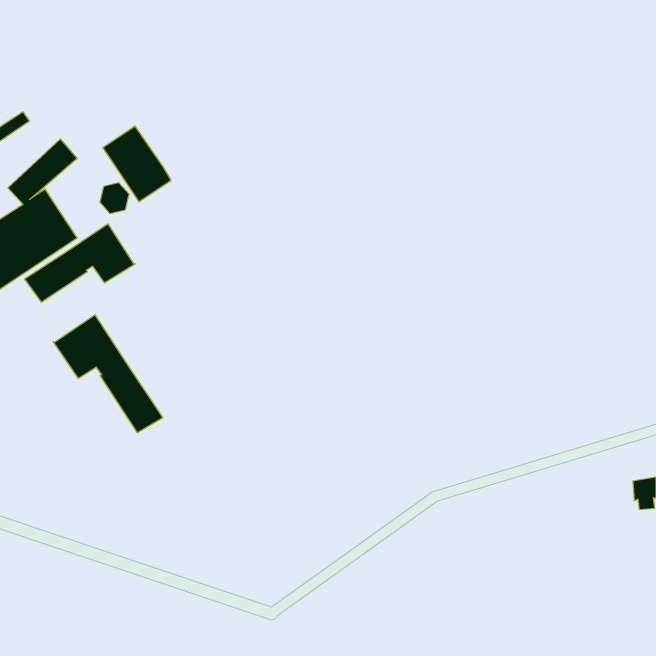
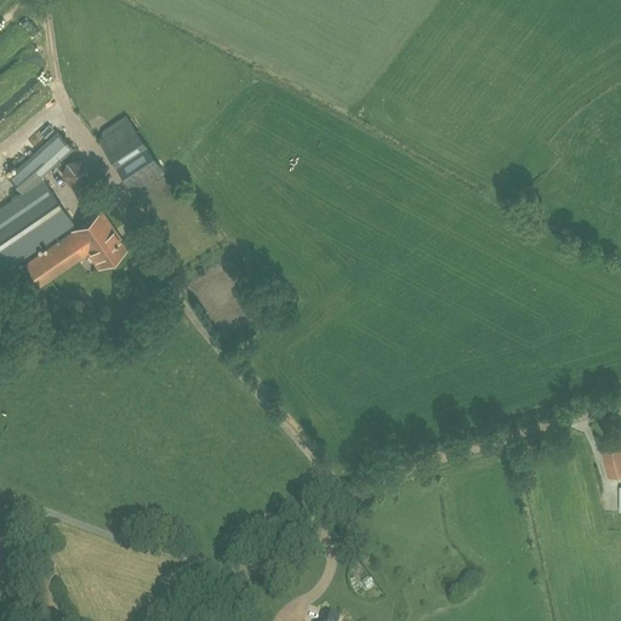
building: [100,183,129,214] -> [61,159,89,188]
building: [53,315,163,433] -> none

